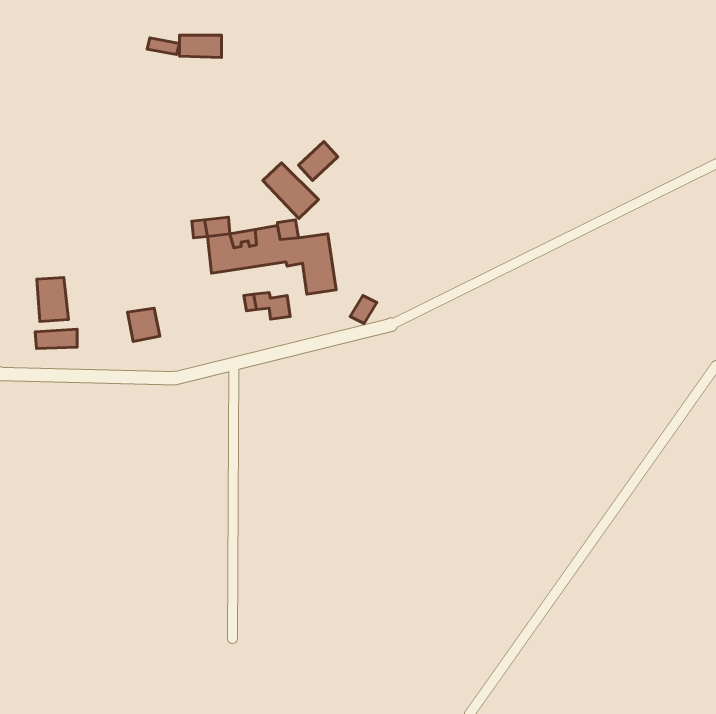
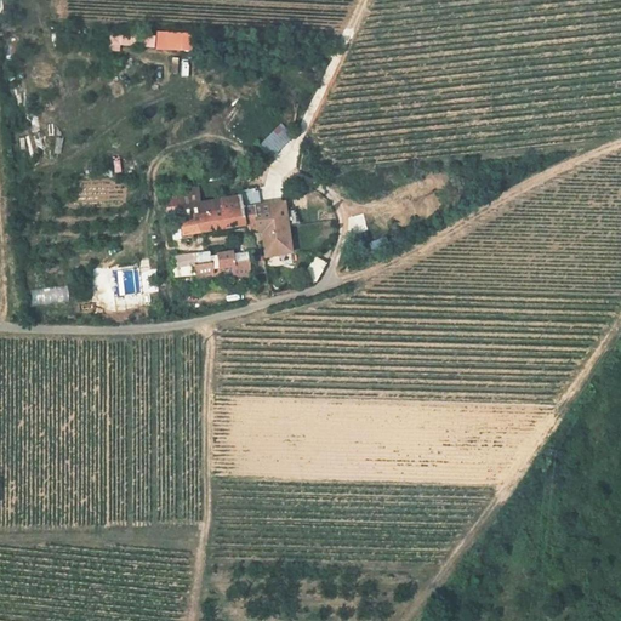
building: [263,163,319,218] -> none
building: [37,277,68,321] -> none

